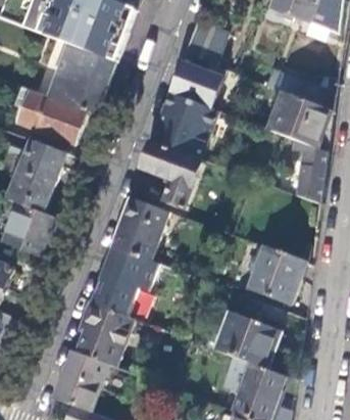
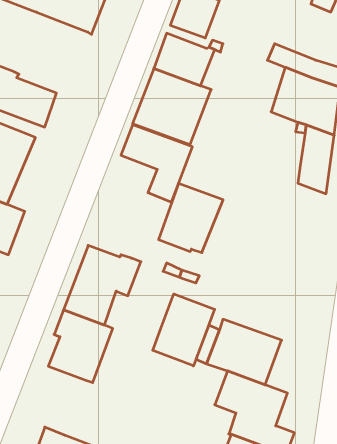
building: [48,43,112,114] -> none
building: [112,197,168,258] -> [159,183,223,253]
building: [249,246,305,304] -> none
building: none -> [153,294,215,366]
building: [55,351,110,412] -> none

